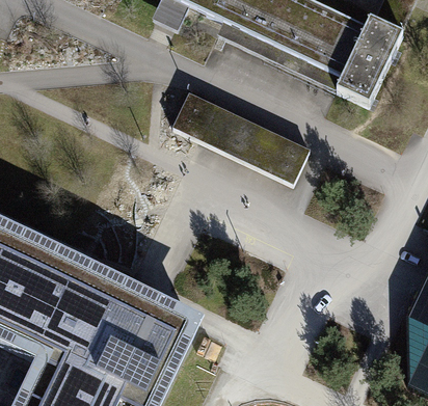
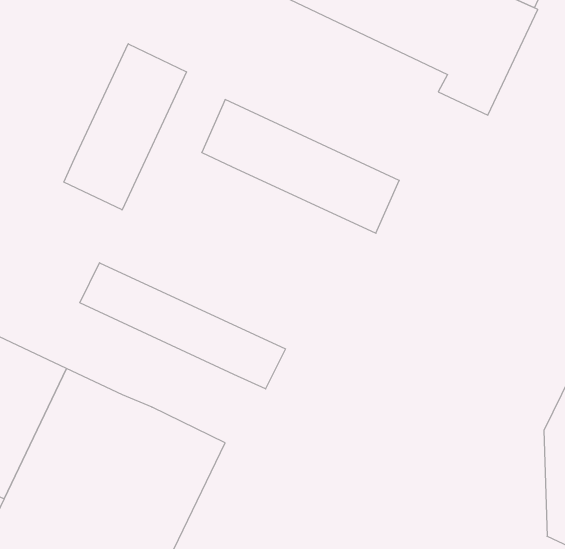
building: none -> [64,44,186,210]
building: none -> [80,263,285,389]

